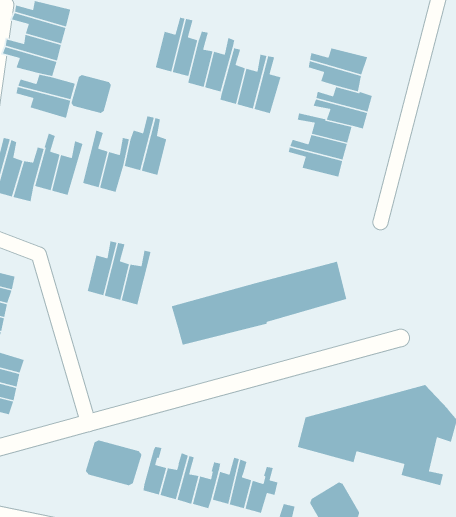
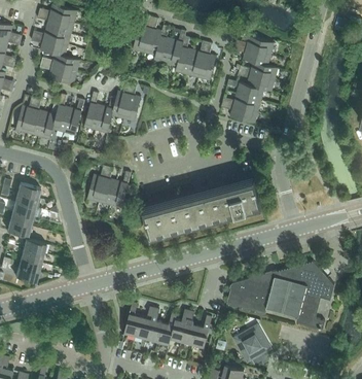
building: [70,74,112,114] -> none
building: [85,439,143,486] -> none

